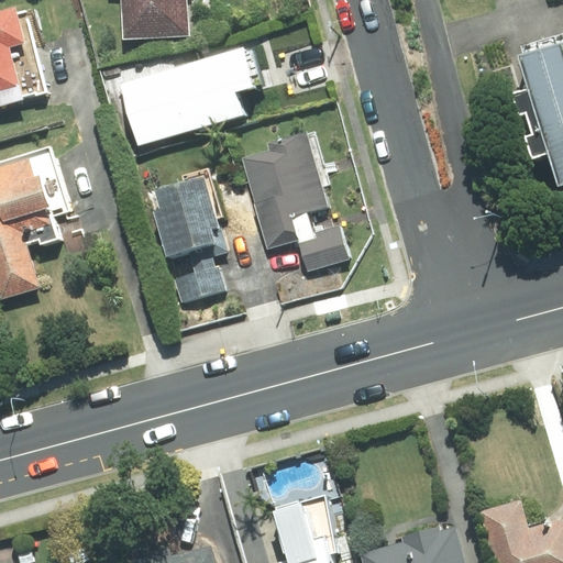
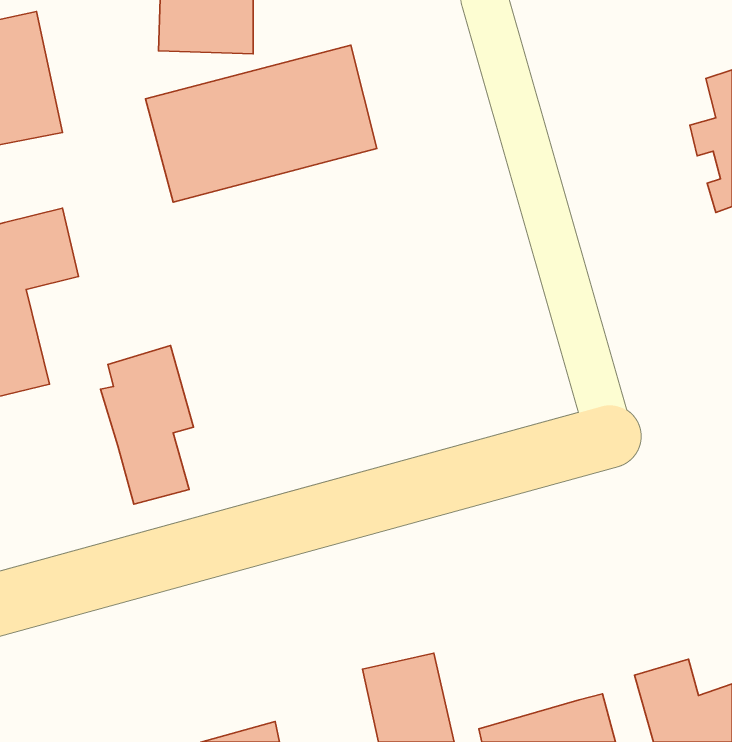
building: [241,140,347,269] -> none
building: [156,181,227,301] -> [100,346,194,504]

